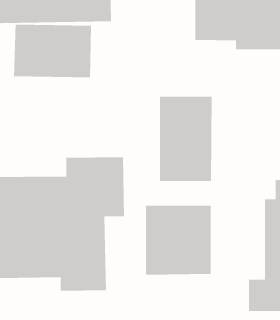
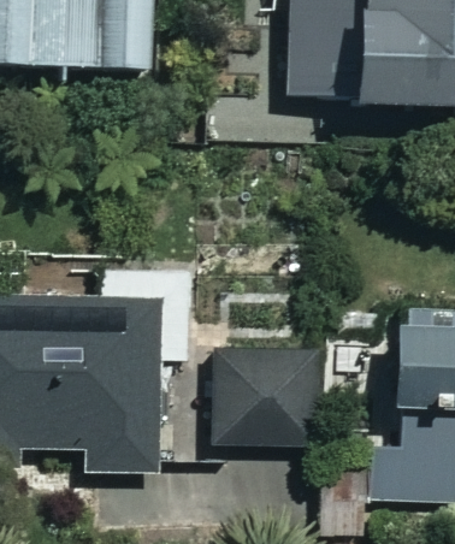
building: [13,24,92,78] -> none
building: [159,96,213,182] -> none

